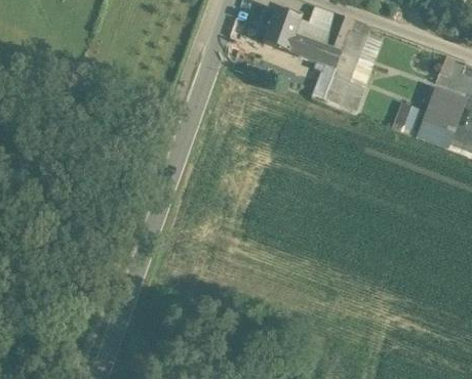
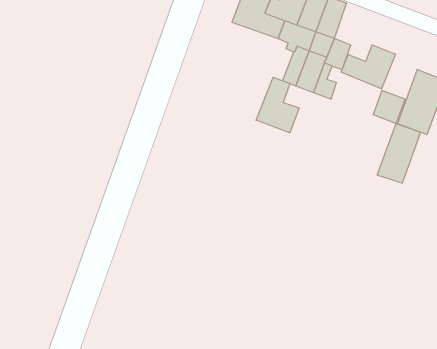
building: none -> [341,45,395,89]
building: none -> [256,77,299,133]
building: none -> [377,123,420,183]

